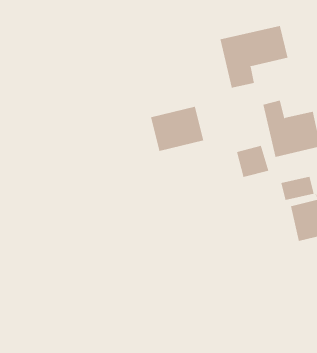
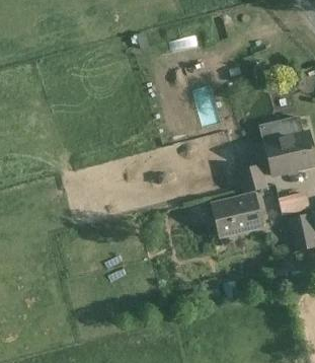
building: [220,25,288,88] -> none
building: [150,106,204,151] -> [212,195,261,236]

